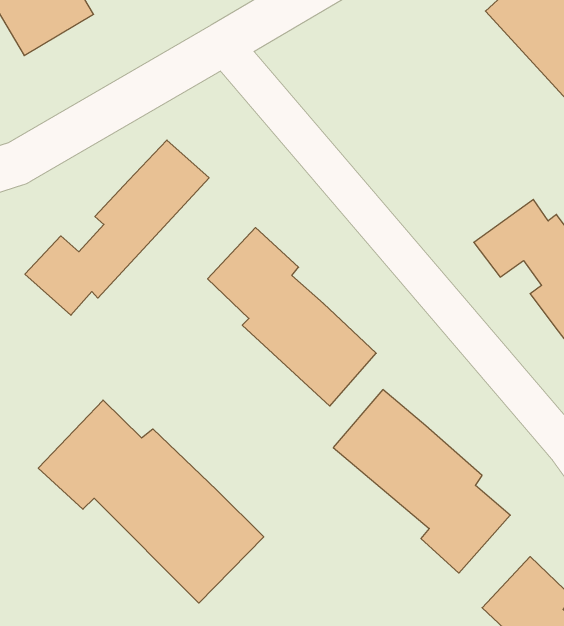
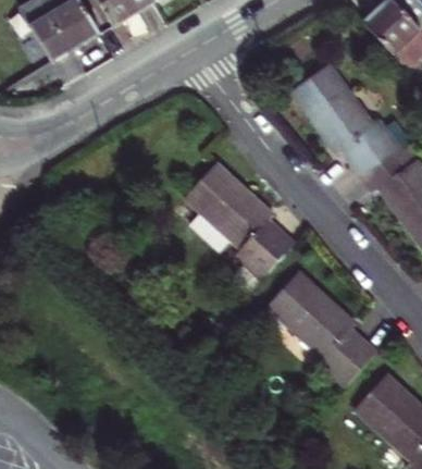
building: none -> [297,60,396,173]
building: [25,140,209,315] -> none
building: [38,400,264,603] -> none

